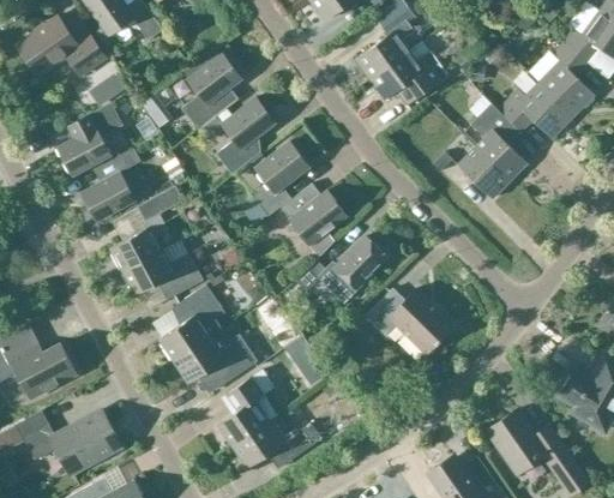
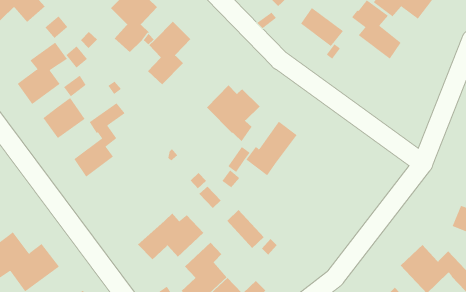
building: [252,142,308,214] -> none
building: [459,146,511,198] -> [300,7,344,47]
building: [124,251,203,295] -> none
building: [159,283,225,361] -> none
building: [366,289,455,355] -> none

